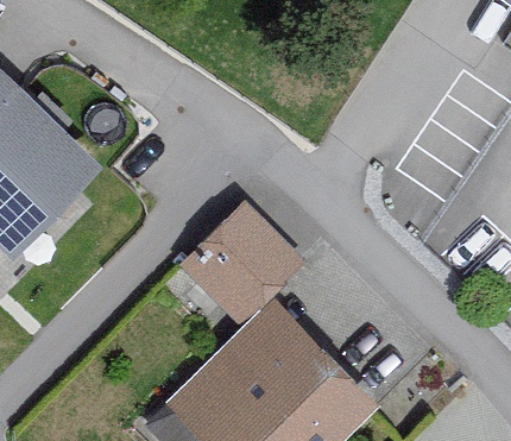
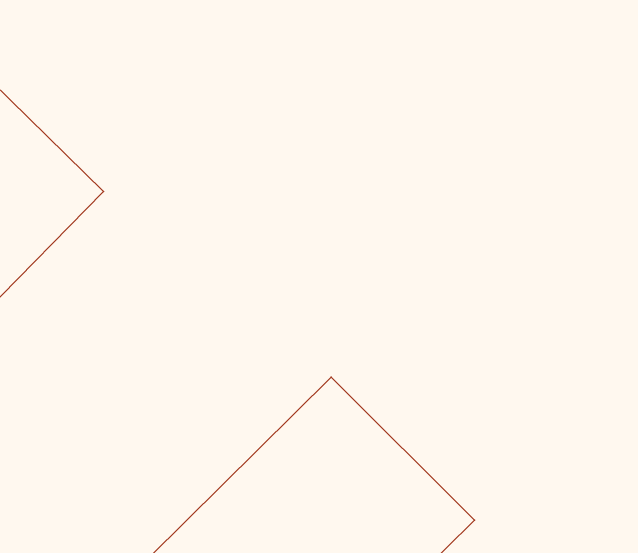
building: [176,204,302,329] -> none

